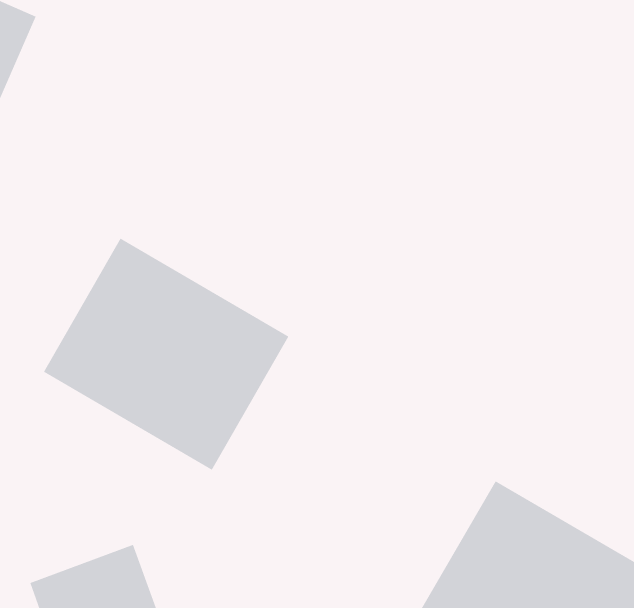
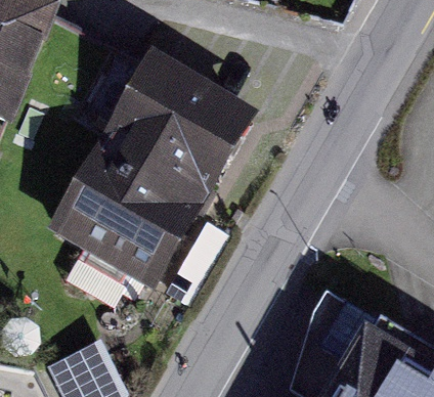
building: none -> [99,69,251,211]

